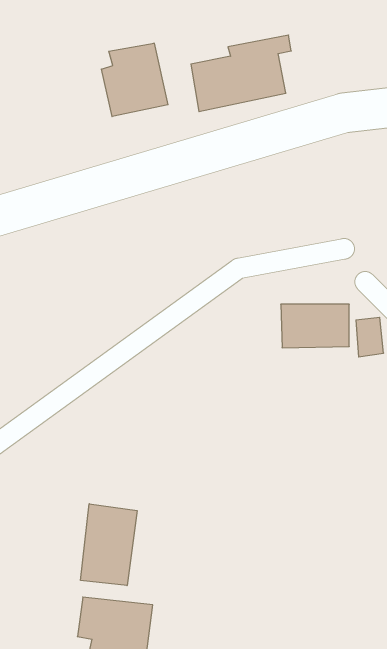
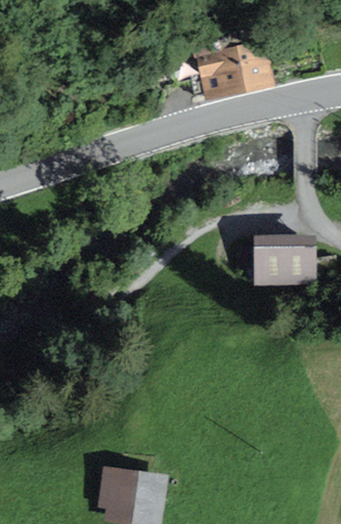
building: [101,43,168,117] -> none
building: [81,504,137,586] -> none

